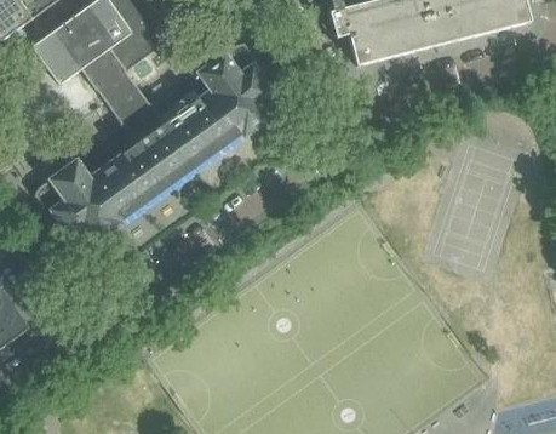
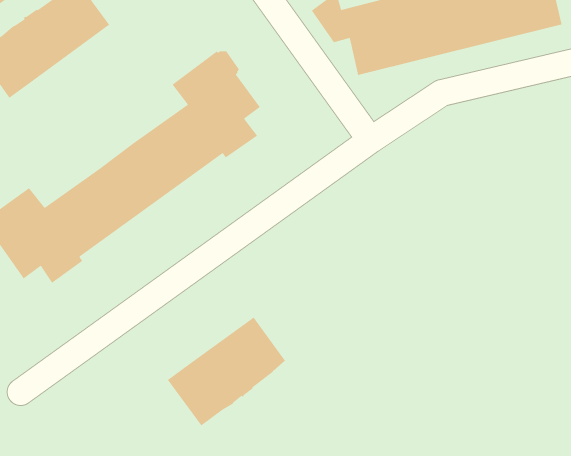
building: [81,22,165,144] -> none
building: none -> [167,316,286,427]

